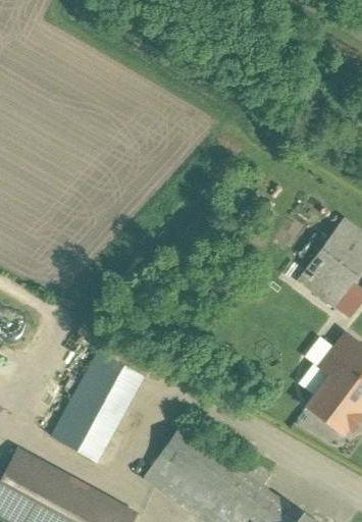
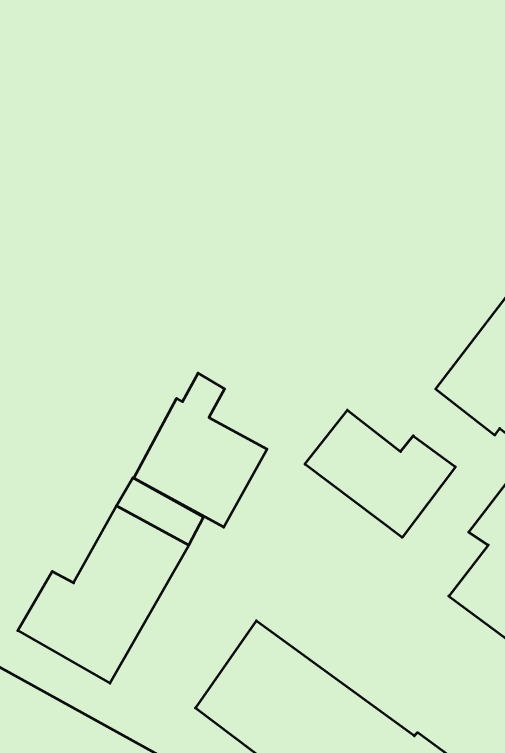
building: none -> [134,373,267,527]
building: none -> [305,410,455,537]

